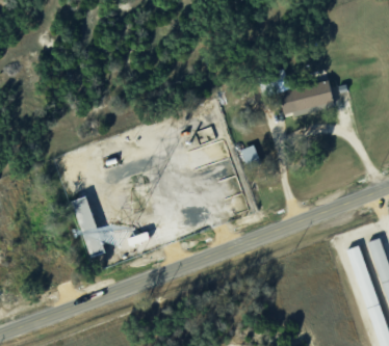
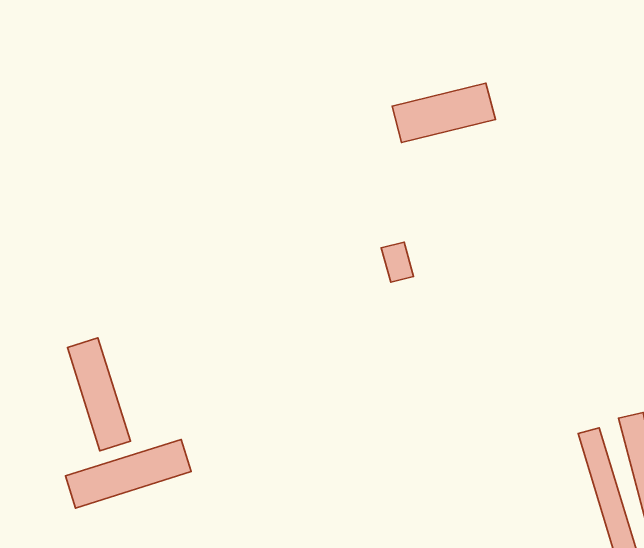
building: [278,82,334,114] -> [392,83,495,143]
building: none -> [65,439,191,508]

